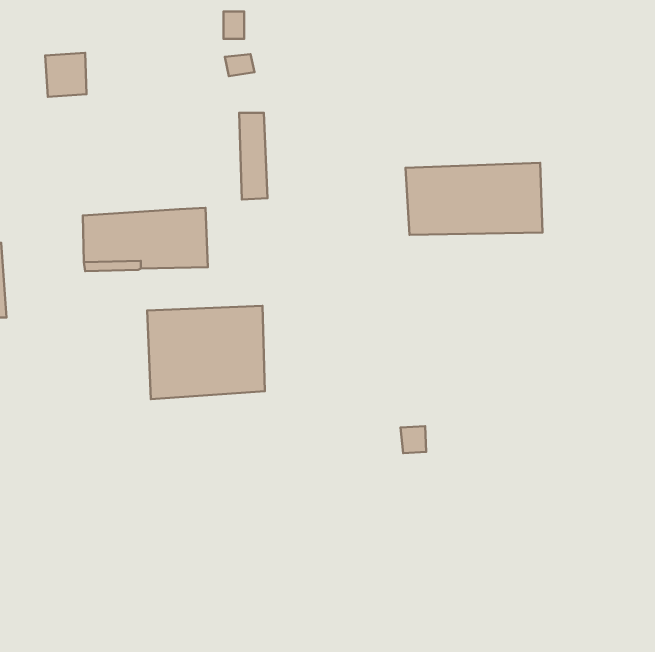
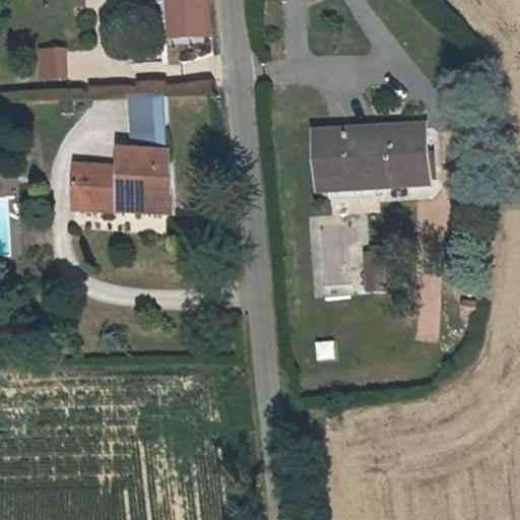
building: [239,113,268,199] -> [139,96,161,165]
building: [147,306,265,399] -> none

